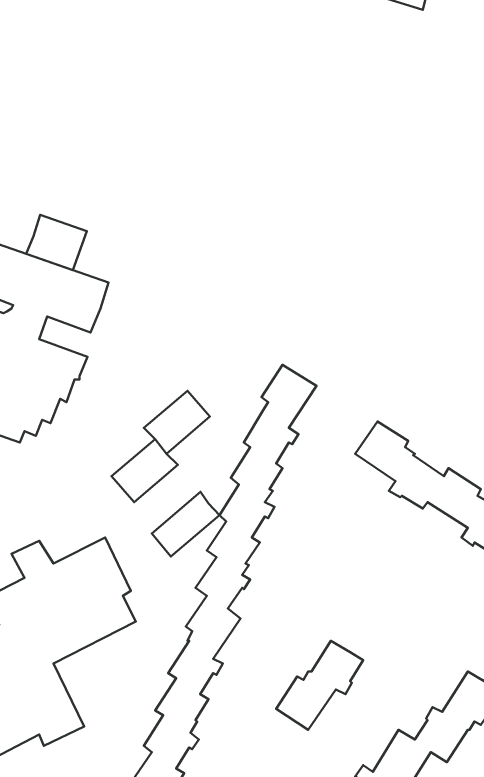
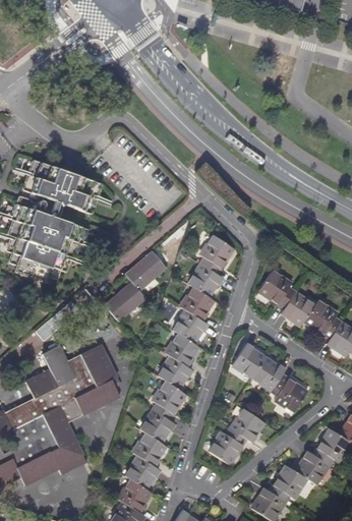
building: [26,215,87,270] -> none
building: [152,492,220,557] -> none
building: none -> [233,343,308,412]

